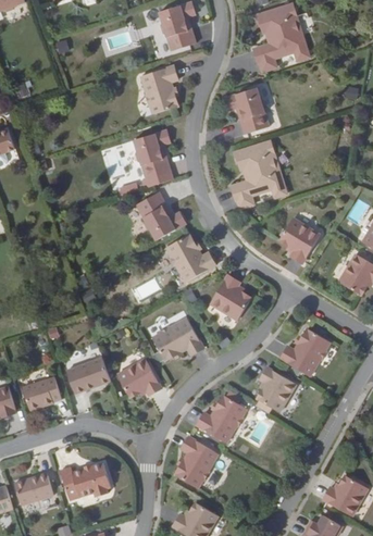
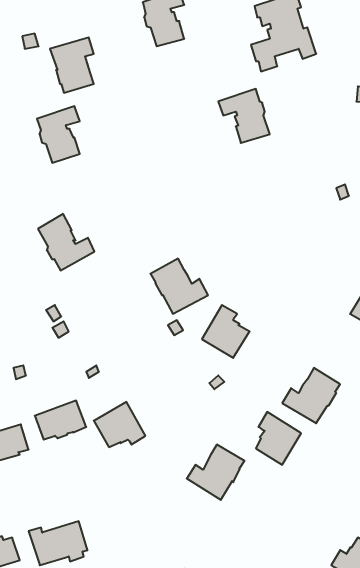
building: [139,65,177,113] -> [50,37,94,93]
building: [133,129,170,178] -> [37,106,80,163]
building: [231,141,286,209] -> none
building: [136,191,185,240] -> [38,214,94,270]
building: [278,217,320,263] -> none
building: [151,317,203,361] -> none
building: [174,436,217,488] -> none

